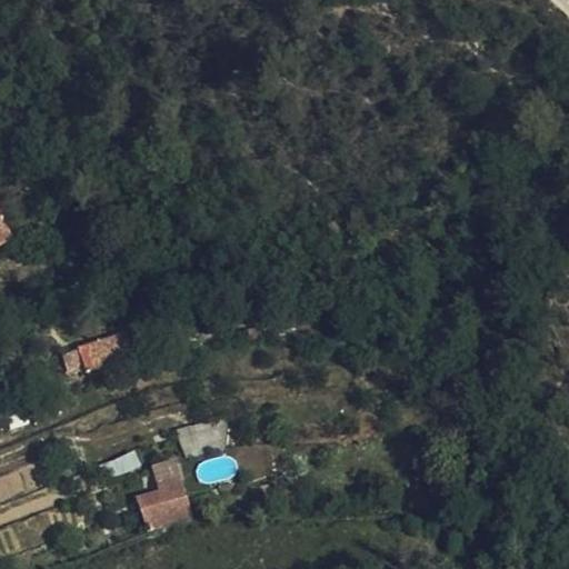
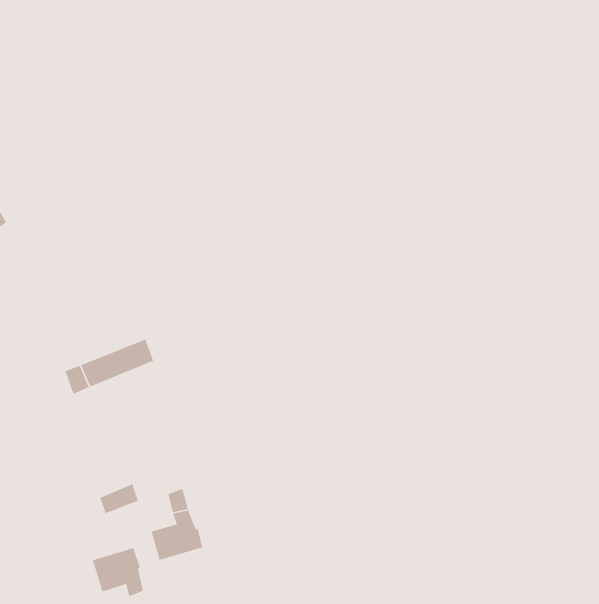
building: none -> [92,547,144,597]

